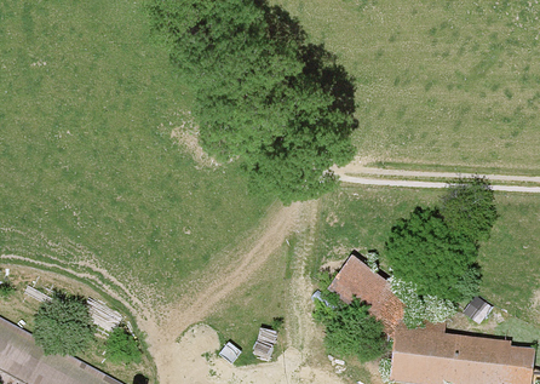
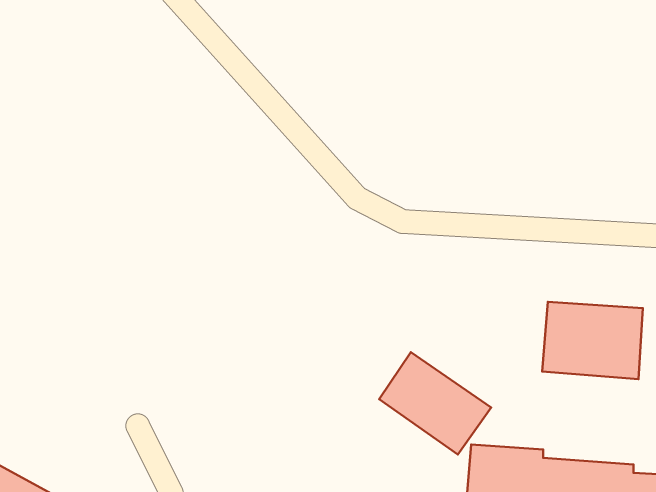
building: none -> [542,302,643,379]

